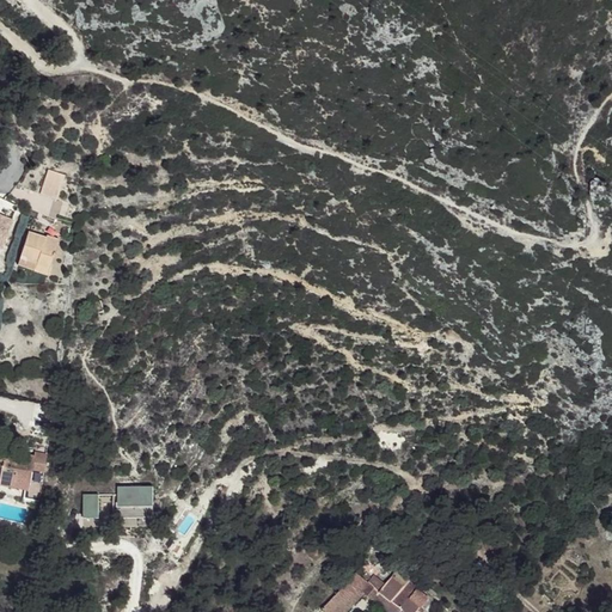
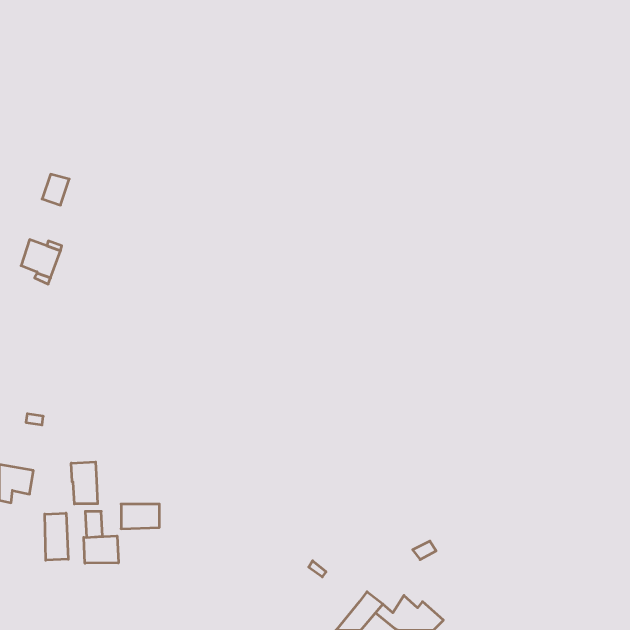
building: none -> [71,462,98,504]
building: none -> [45,513,68,560]
building: none -> [84,536,118,563]

